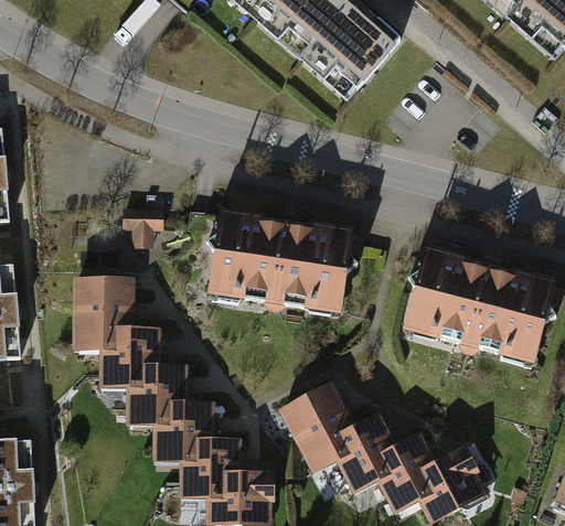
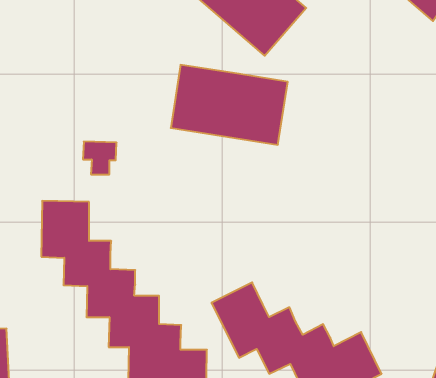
building: [205,210,351,309] -> [171,65,288,145]
building: [403,244,555,362] -> none

